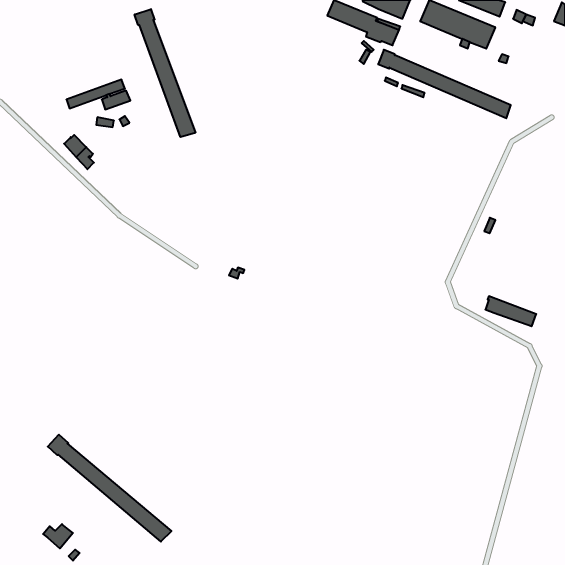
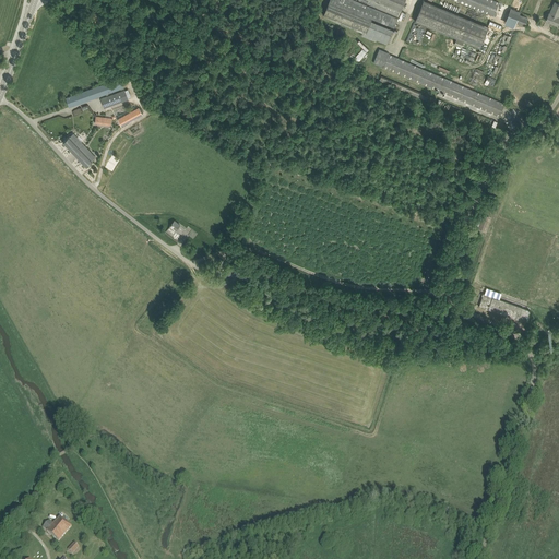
building: [135,9,195,137] -> none
building: [48,435,171,542] -> none

